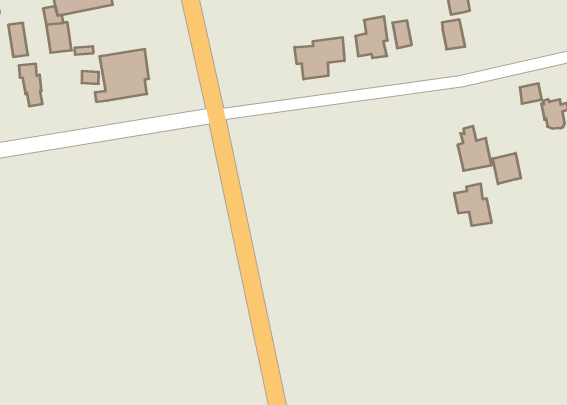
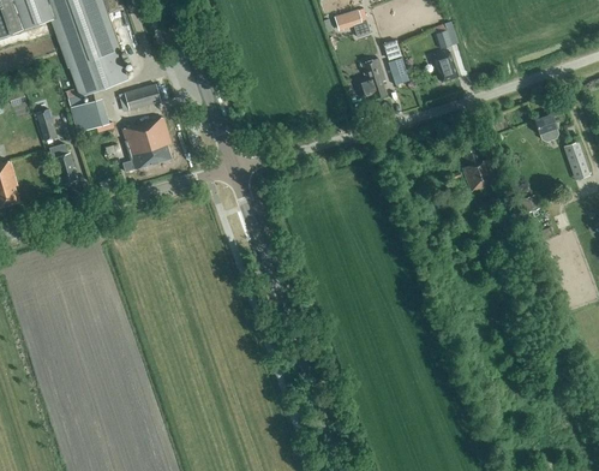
building: none -> [124,83,161,109]
building: [295,37,344,79] -> none
building: [493,153,521,184] -> none
building: [454,184,491,226] -> none

